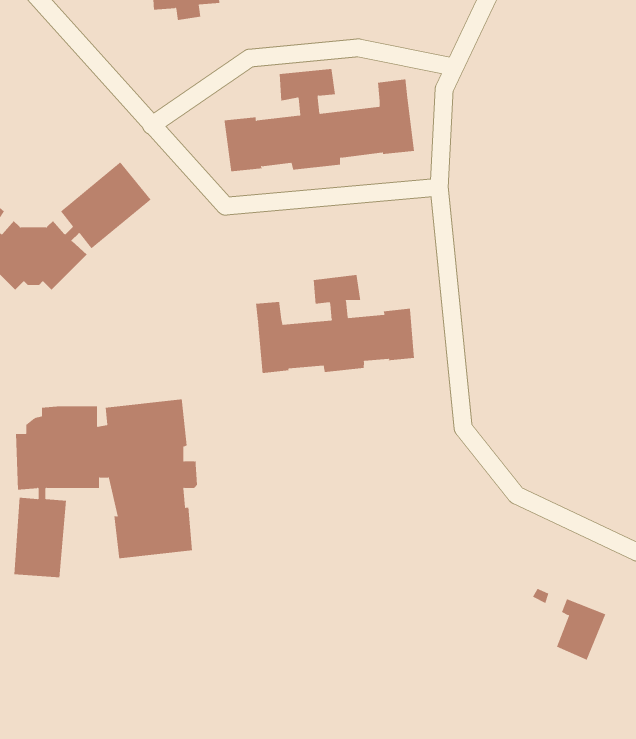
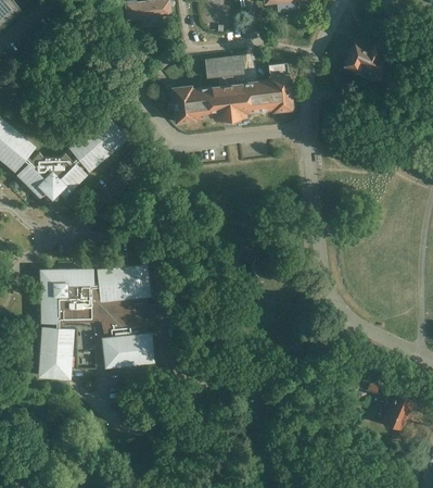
building: none -> [347,43,394,82]
building: [255,274,414,374] -> none

